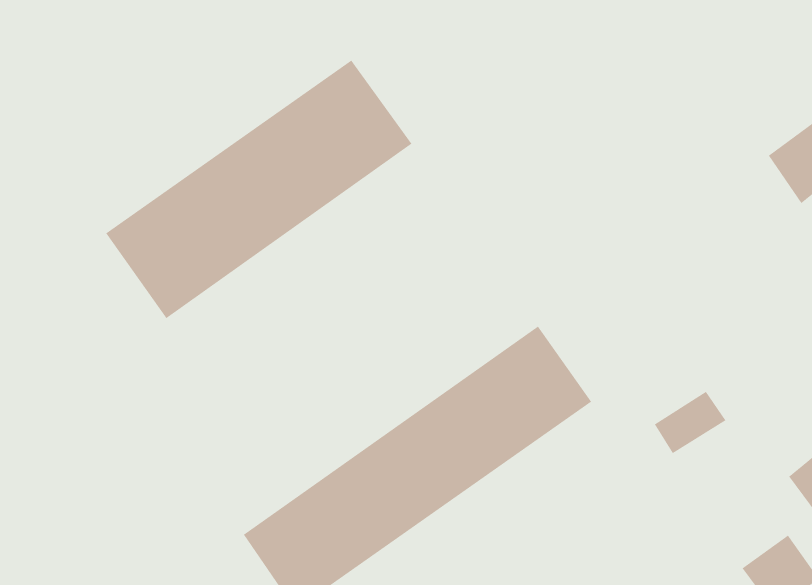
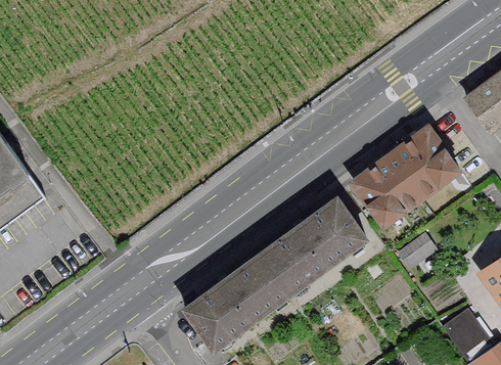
building: [105,60,413,319] -> none
building: none -> [353,130,462,229]

